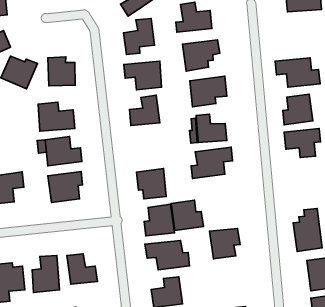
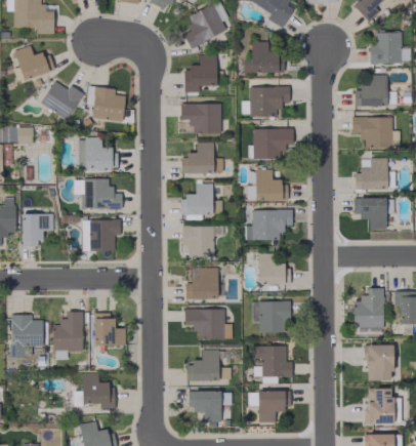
building: none -> [355,75,387,107]
building: none -> [181,184,213,219]
building: [171,200,204,230] -> [257,253,291,285]
building: none -> [258,346,292,377]

